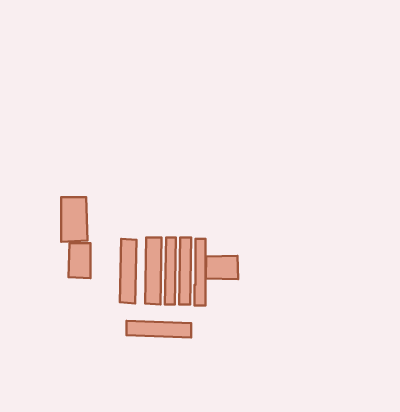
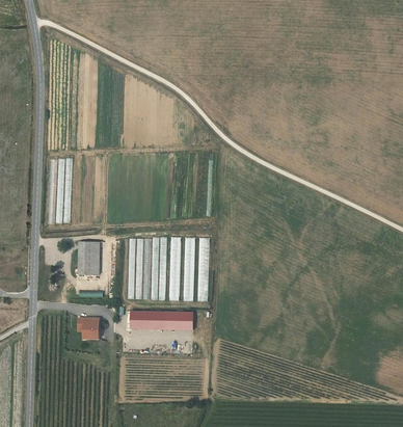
building: [61,197,87,242] -> none
building: [206,256,238,279] -> none
building: none -> [79,317,100,338]

